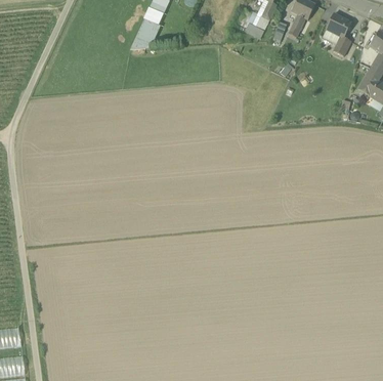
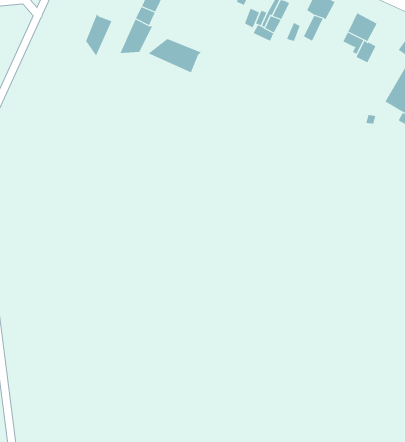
building: none -> [86,13,112,57]
building: none -> [147,38,202,73]

